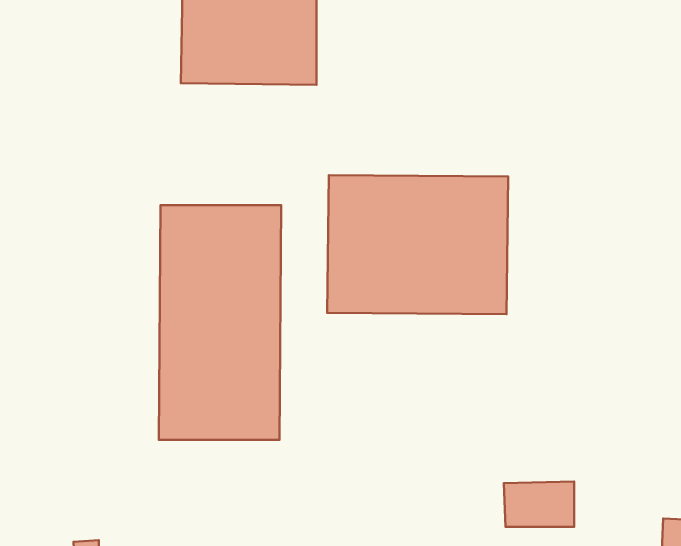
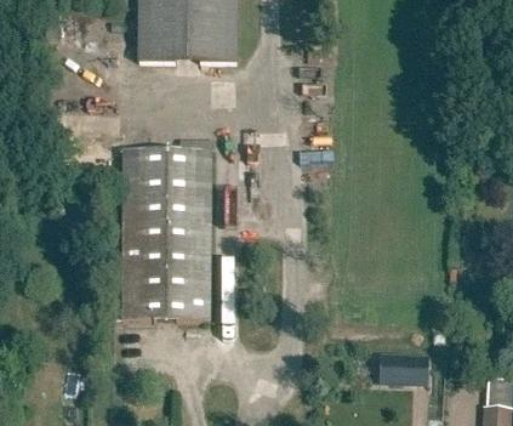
building: [327,175,508,314] -> none

